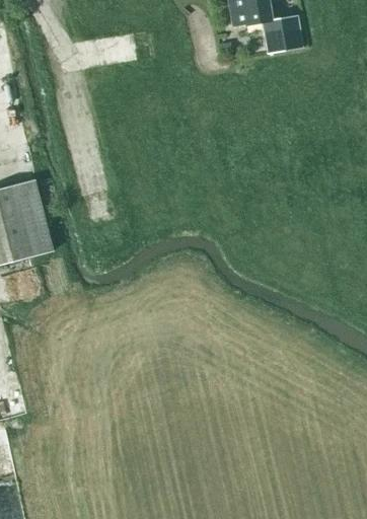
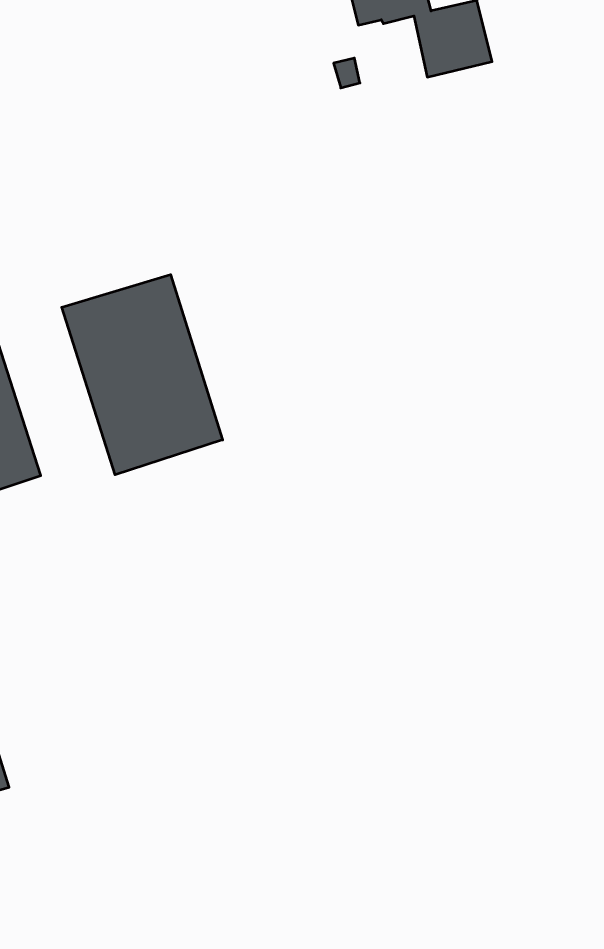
building: none -> [62,275,223,475]

